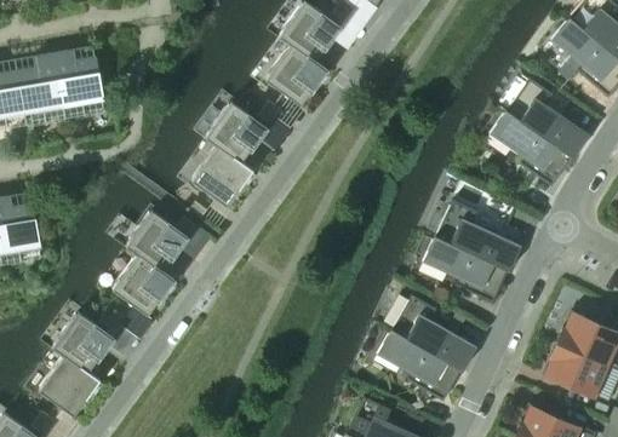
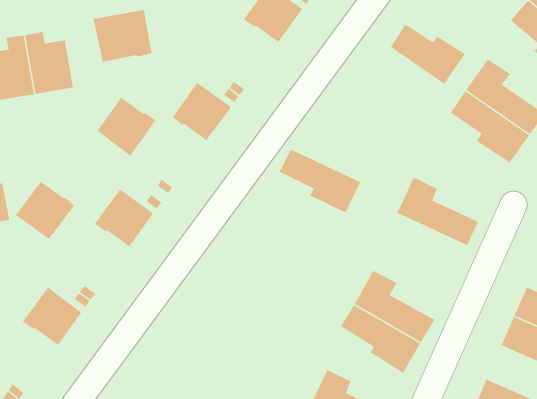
building: none -> [93,9,153,62]
building: none -> [390,23,466,85]
building: [265,45,327,105] -> none
building: [193,145,254,207] -> [96,97,157,157]
building: [424,236,509,303] -> [279,149,361,214]
building: [113,254,174,315] -> [15,181,75,240]
building: [40,355,101,416] -> none

